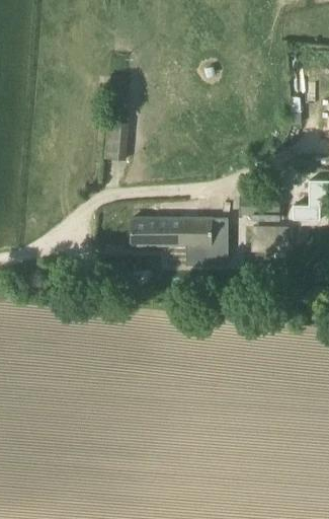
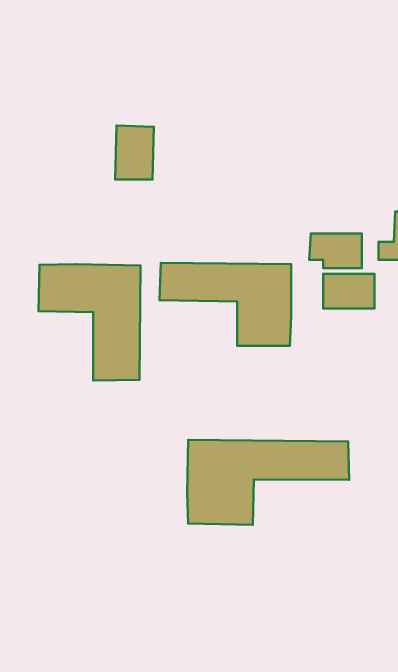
building: none -> [38,264,141,380]
building: none -> [187,440,349,525]

